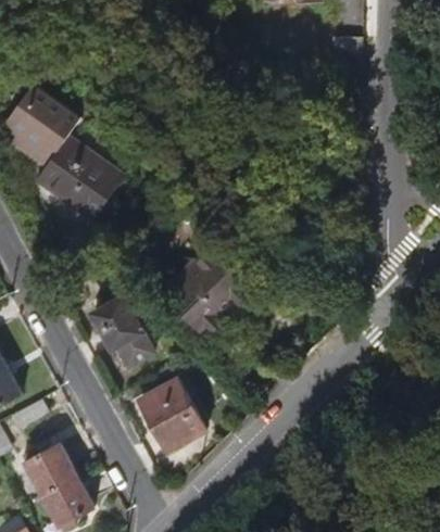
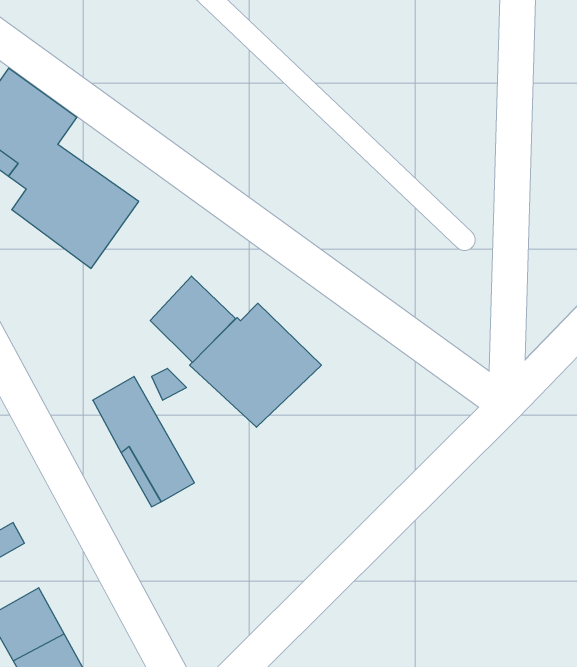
building: none -> [150,276,235,362]
building: [139,378,204,448] -> none

